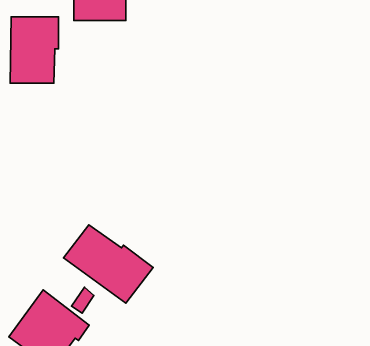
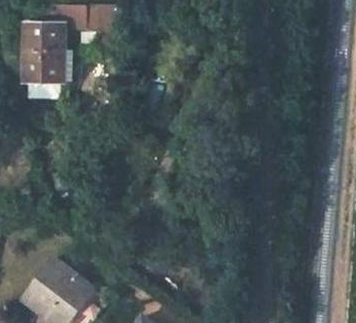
building: [64,225,153,303] -> none

